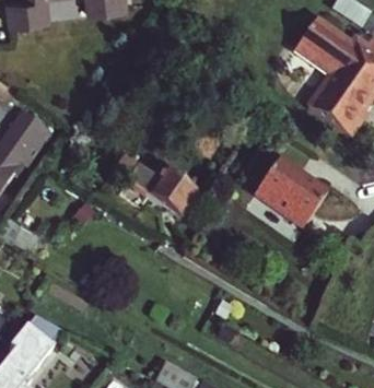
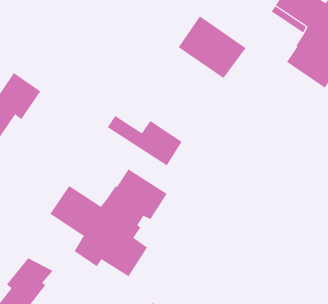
building: [258,157,331,225] -> [178,15,247,79]
building: none -> [50,168,168,277]

